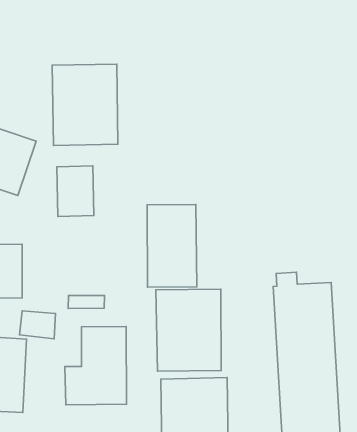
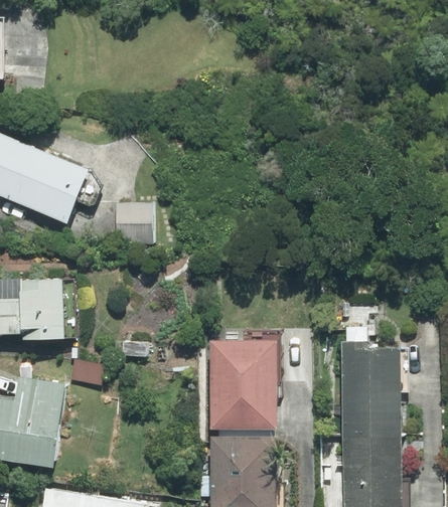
building: [52,64,118,145] -> none
building: [147,204,197,287] -> none
building: [65,326,127,405] -> none

